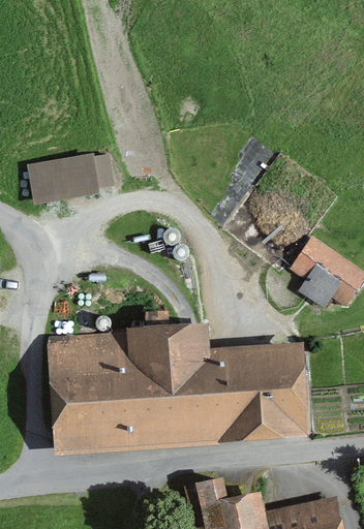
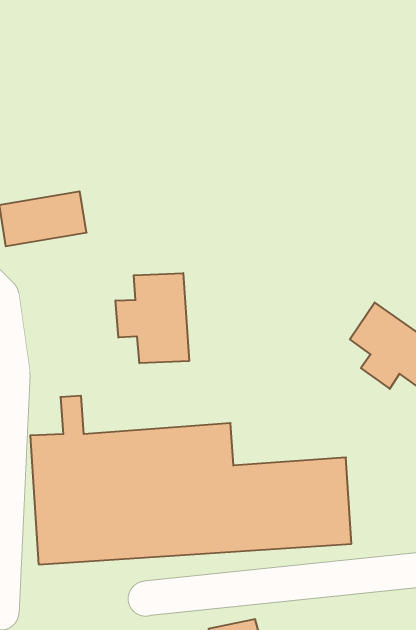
building: none -> [116,273,189,363]

